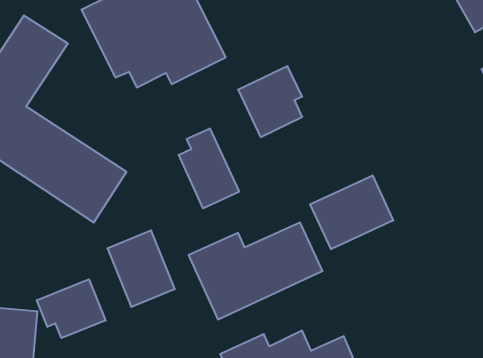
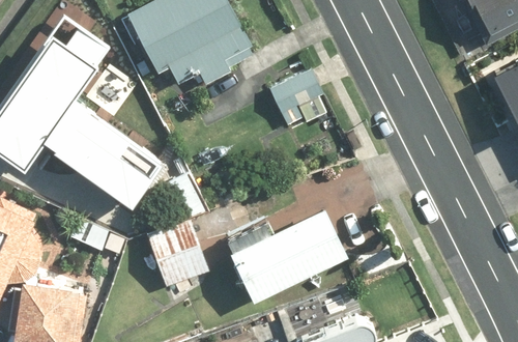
building: [179,128,239,208] -> none
building: [310,175,393,249] -> none
building: [37,279,106,338] -> none

